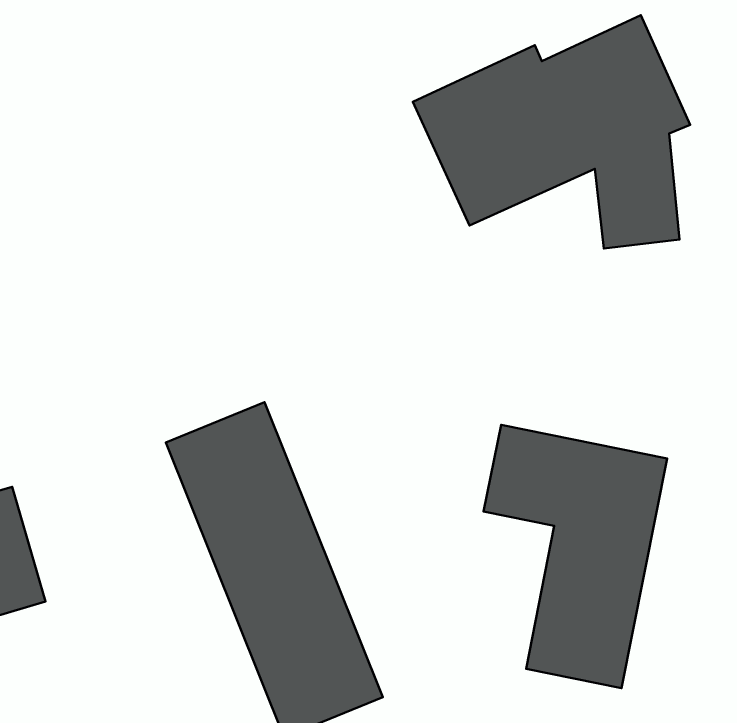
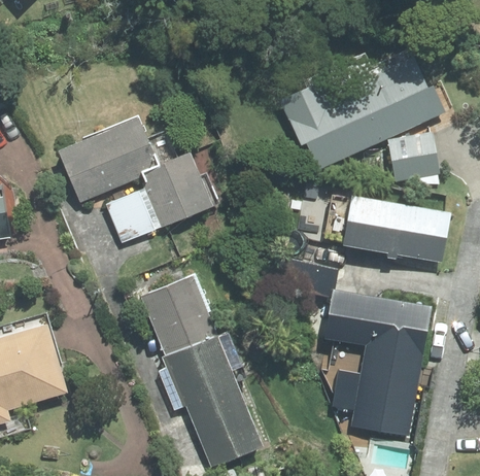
building: none -> [59,110,216,245]
building: none -> [342,195,452,264]

